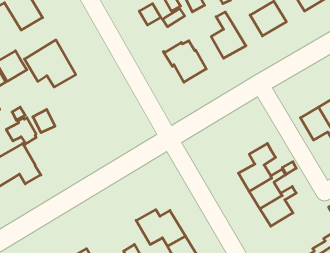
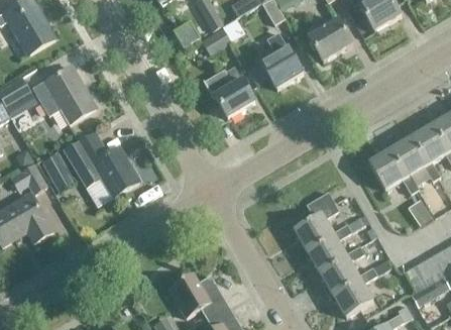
building: none -> [64,130,141,198]
building: none -> [333,258,390,316]

